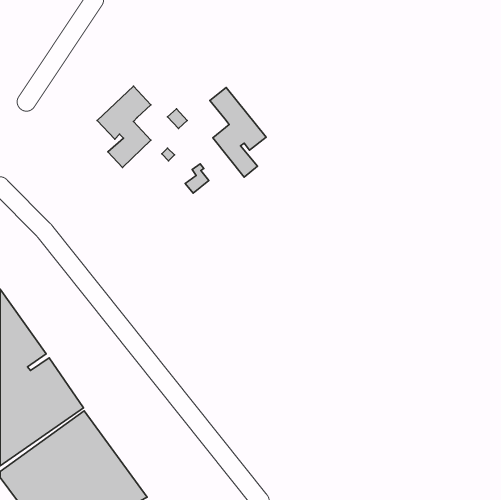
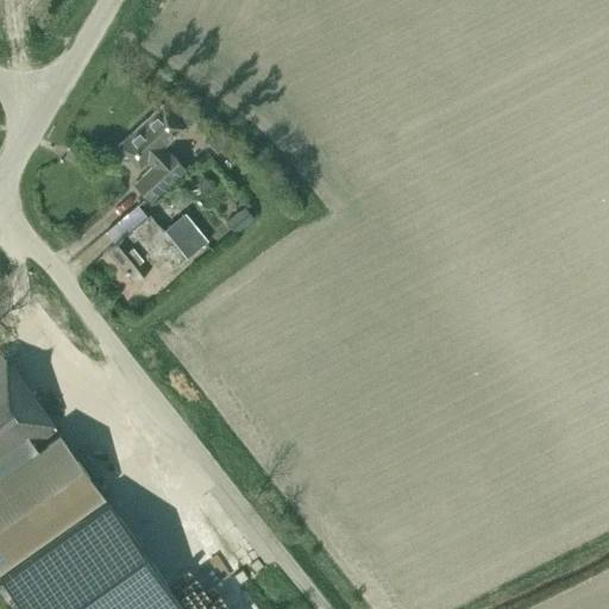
building: [210,87,266,177] -> none
building: none -> [107,214,208,282]

